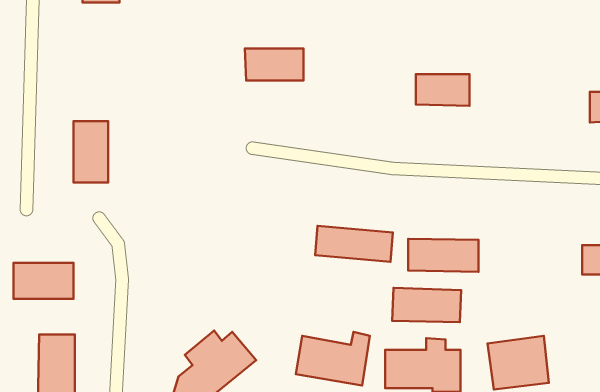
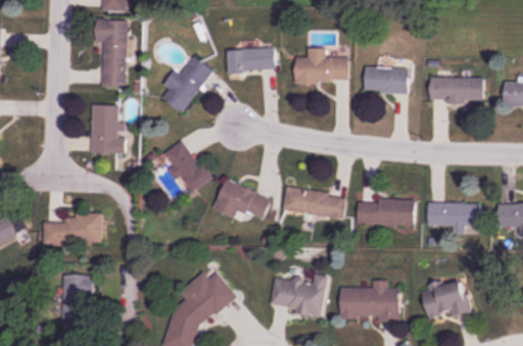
building: none -> [95,18,127,87]
building: none -> [295,48,348,82]
building: none -> [161,57,212,112]
building: none -> [430,78,484,103]
building: none -> [162,141,211,196]
building: none -> [213,182,271,219]
building: [392,288,461,322] -> [427,202,482,230]

